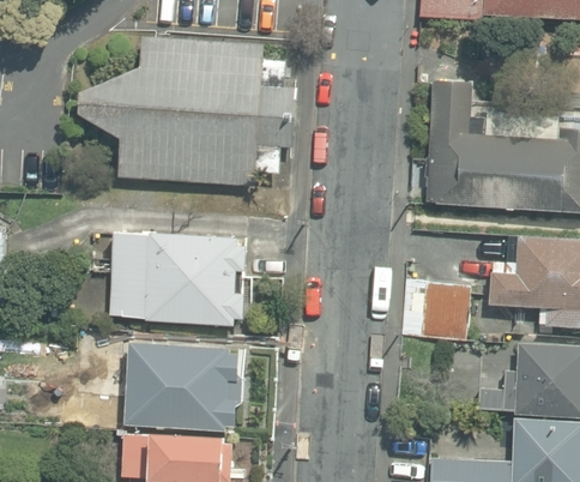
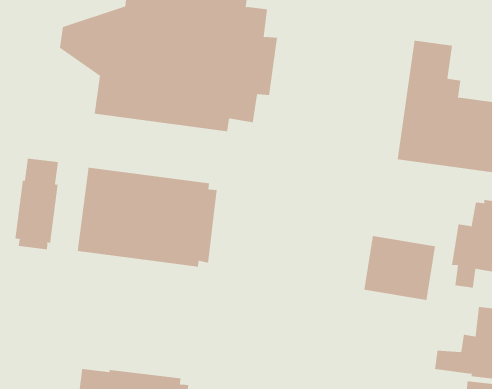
building: none -> [15,158,59,250]
building: [89,342,243,432] -> none

